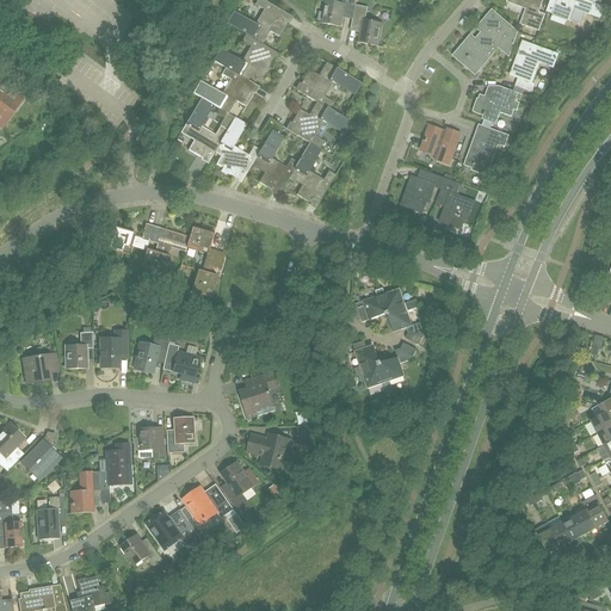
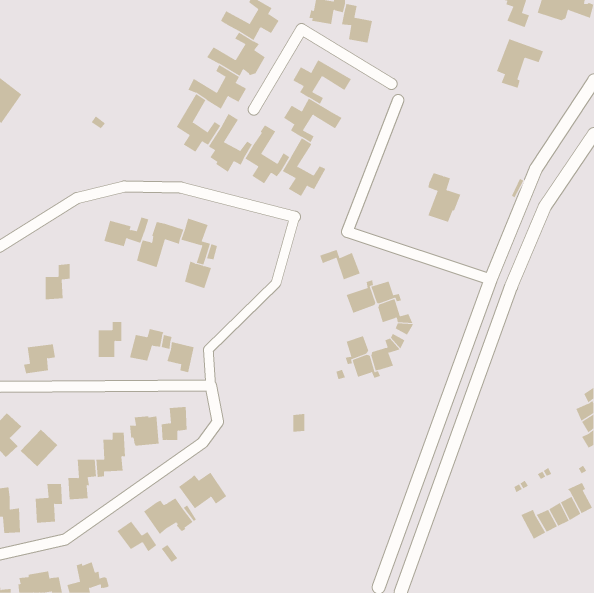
building: [452,11,517,73] -> none
building: [471,86,518,122] -> none
building: [420,124,458,162] -> none
building: [462,126,507,173] -> none
building: [400,171,444,211] -> none
building: none -> [320,249,361,280]
building: [66,331,92,368] -> [45,264,71,300]
building: [239,371,276,416] -> none
building: [247,433,289,468] -> none
building: [221,461,257,513] -> none

